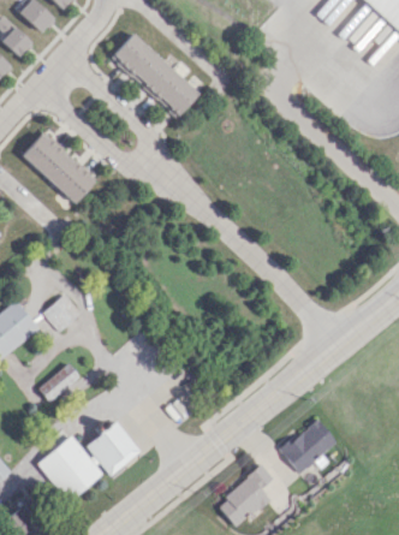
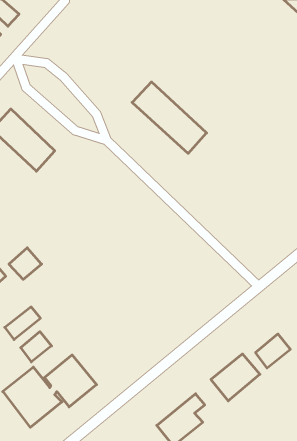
building: [111,32,198,117] -> [132,82,207,153]
building: none -> [21,332,52,362]
building: none -> [256,334,290,368]

